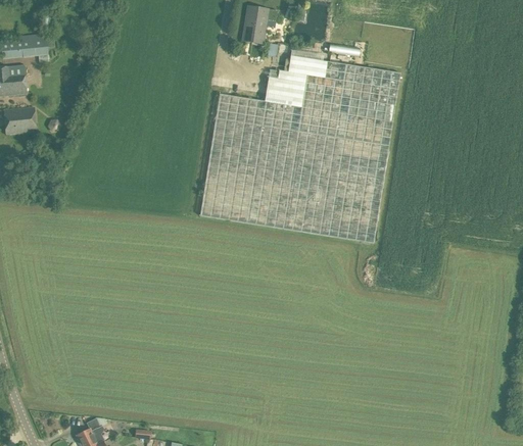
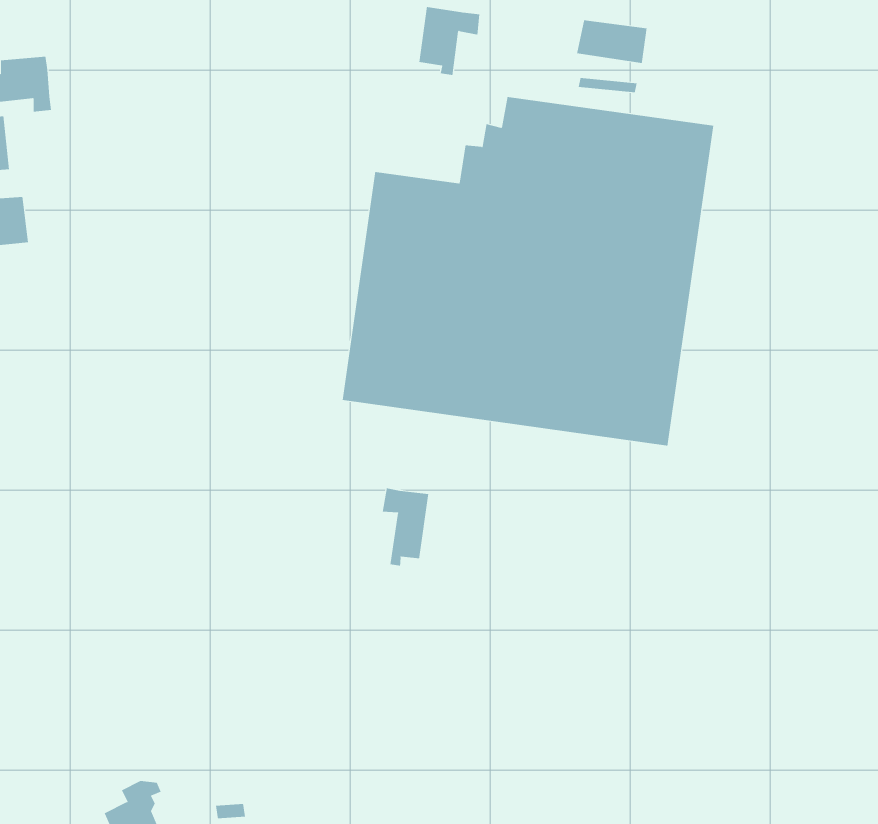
building: none -> [577,20,647,64]
building: none -> [382,488,429,566]

